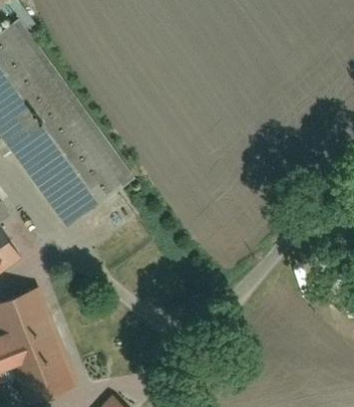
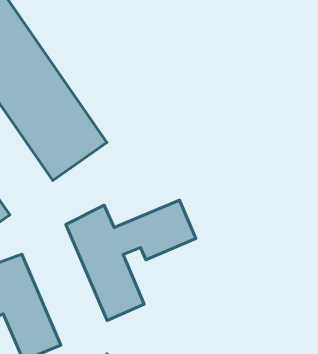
building: none -> [66,200,196,321]

